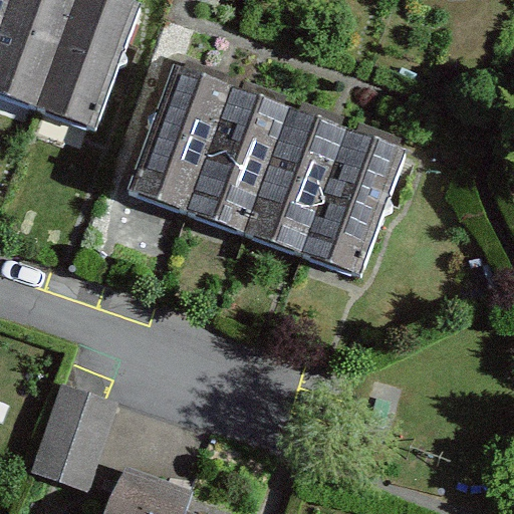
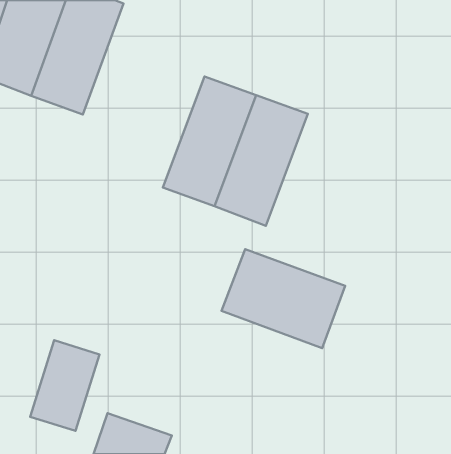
building: [125,64,231,212] -> none
building: [300,128,406,276] -> none
building: none -> [222,249,345,348]

